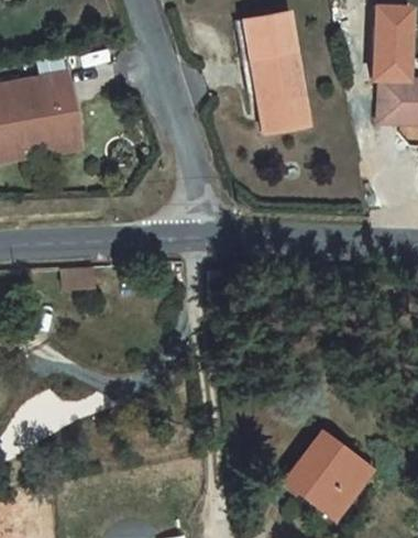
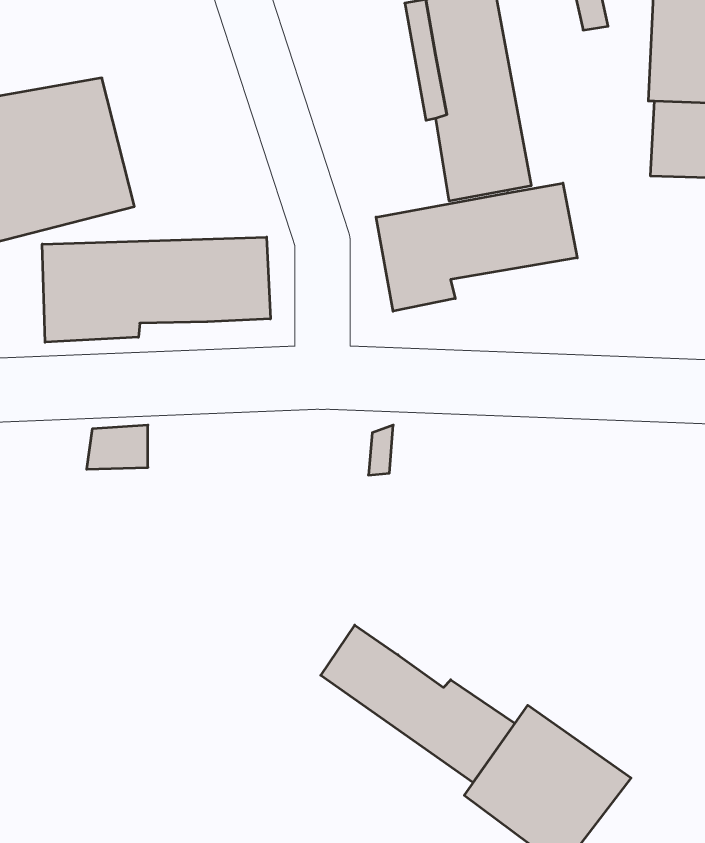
building: none -> [376,183,577,311]
building: none -> [42,237,270,342]
building: none -> [321,625,515,783]

